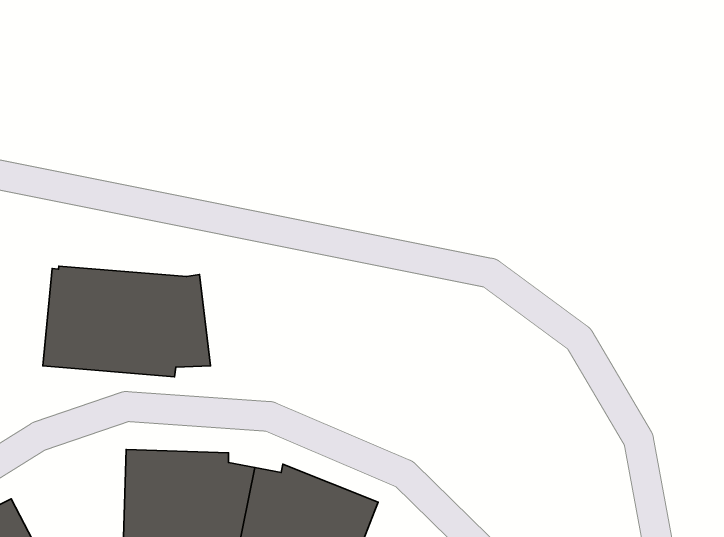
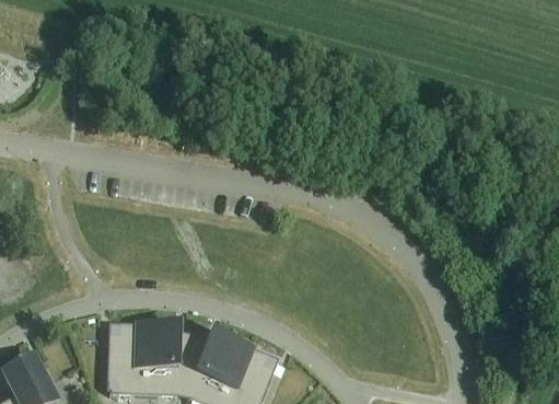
building: [43,266,210,377] -> none

